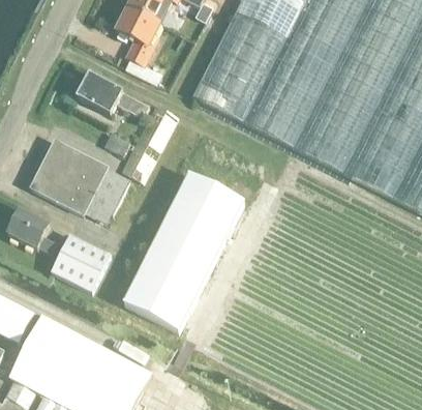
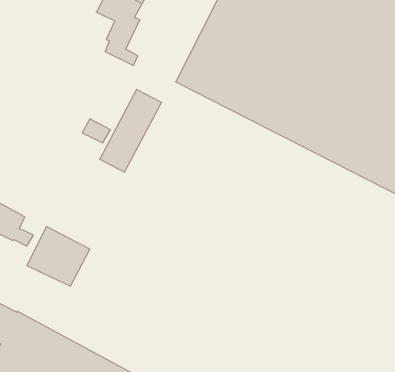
building: [78,72,149,116] -> none
building: [31,139,129,223] -> none
building: [126,169,243,329] -> none

